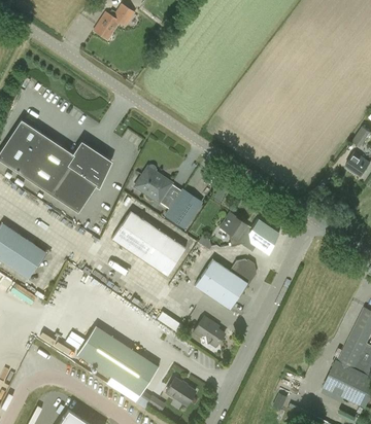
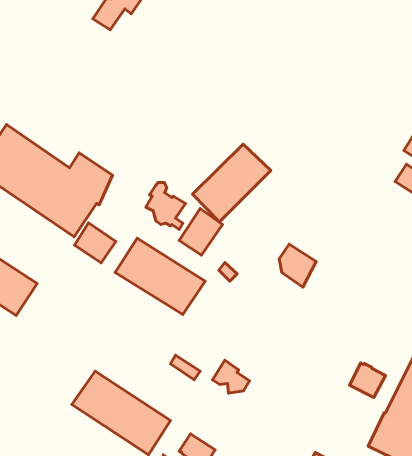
building: none -> [192,144,271,222]
building: none -> [74,223,116,263]
building: [220,212,246,245] -> none
building: [195,258,254,309] -> none
building: none -> [349,363,385,398]

